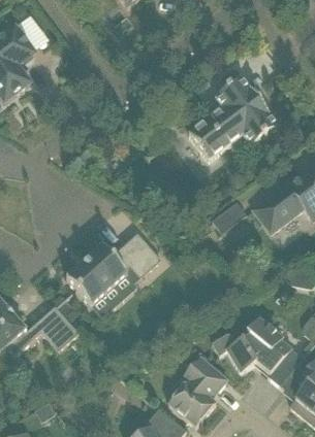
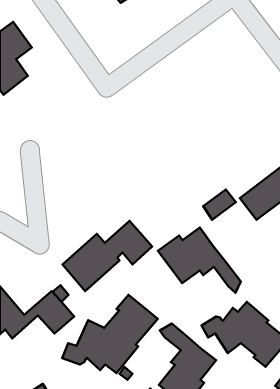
building: [188,75,277,159] -> none
building: none -> [158,227,241,293]
building: none -> [62,295,158,373]

